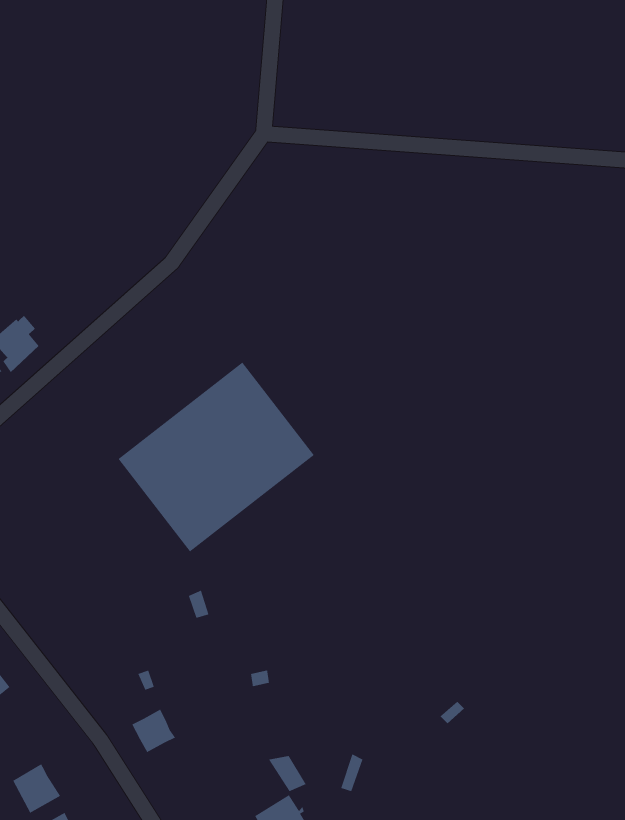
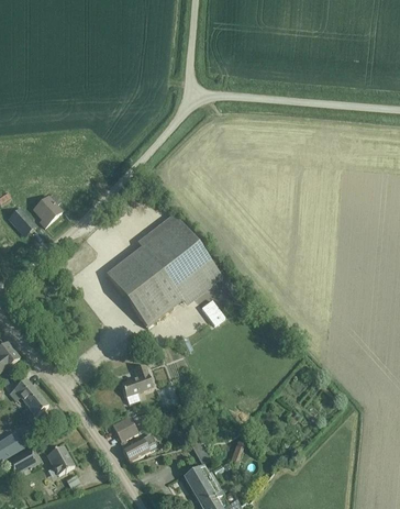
building: none -> [121,363,152,402]
building: none -> [121,432,157,461]

